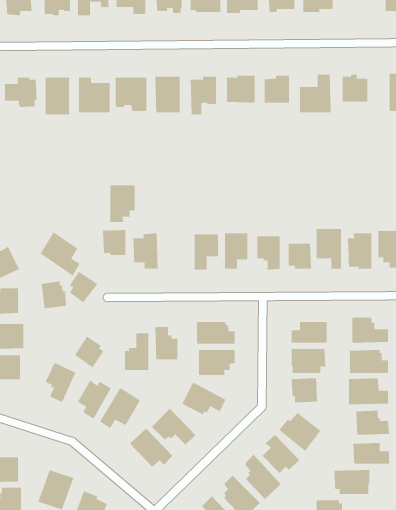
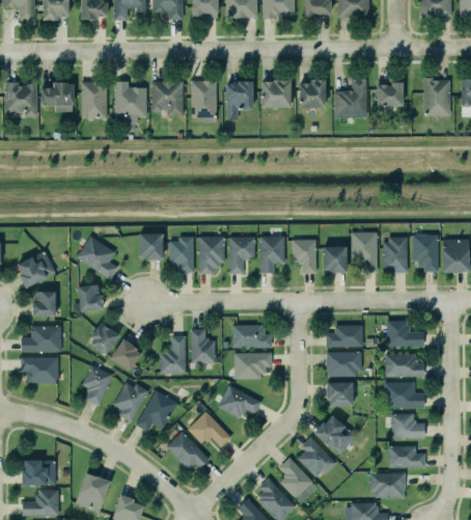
building: [110,185,136,222] -> [199,237,225,274]
building: [69,271,98,303] -> [91,323,120,355]

